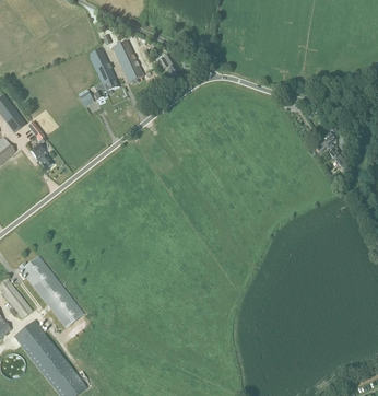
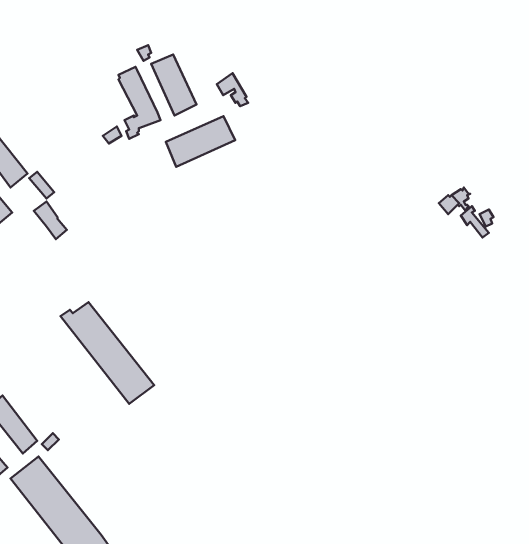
building: none -> [166,116,235,167]
building: [19,256,84,327] -> [60,302,154,404]

